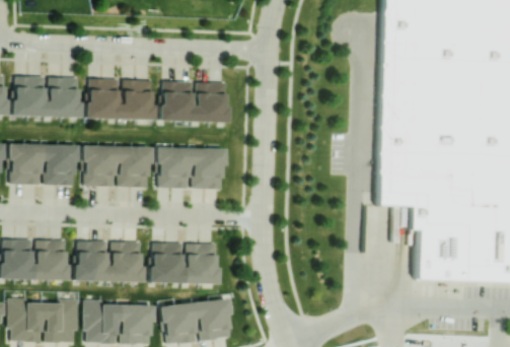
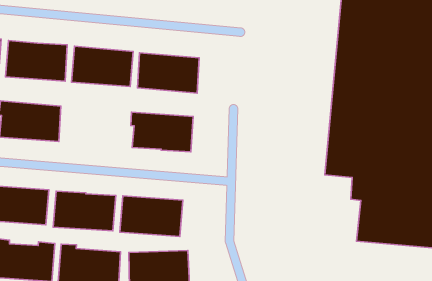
building: [83,145,150,187] -> none

